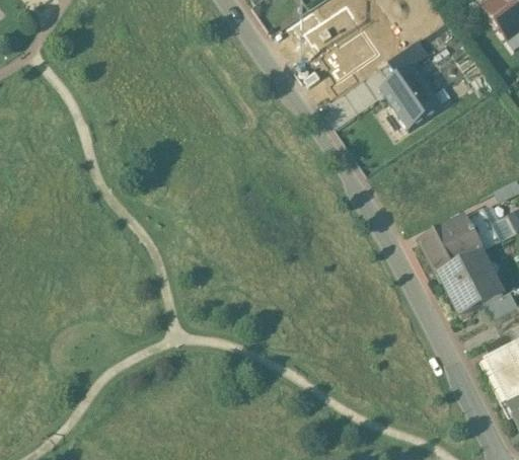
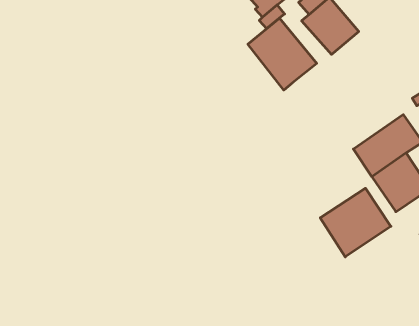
building: none -> [248,18,317,90]
building: none -> [320,188,391,257]

